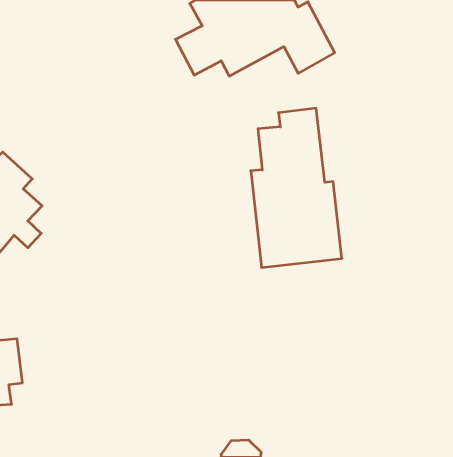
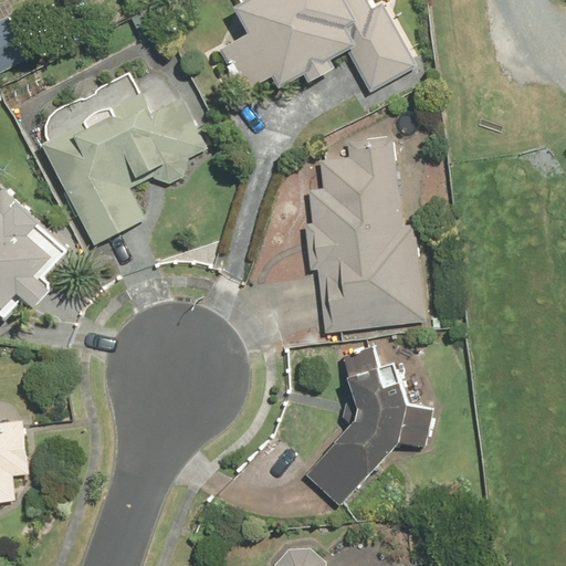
building: none -> [42,93,205,241]
building: none -> [305,346,428,504]

